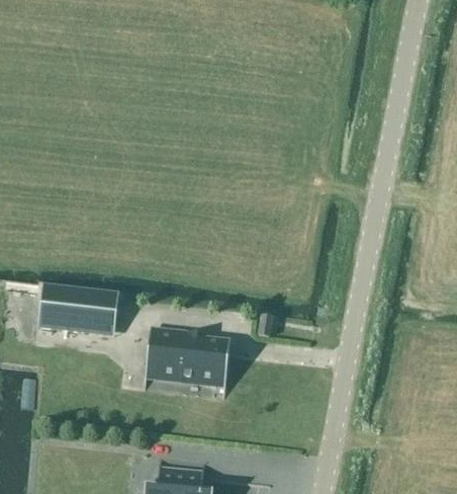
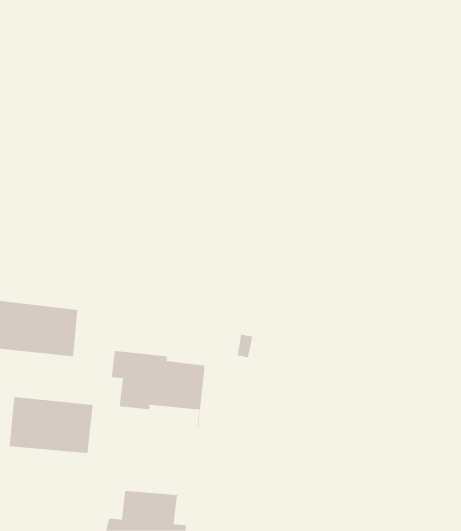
building: none -> [9,396,94,454]

